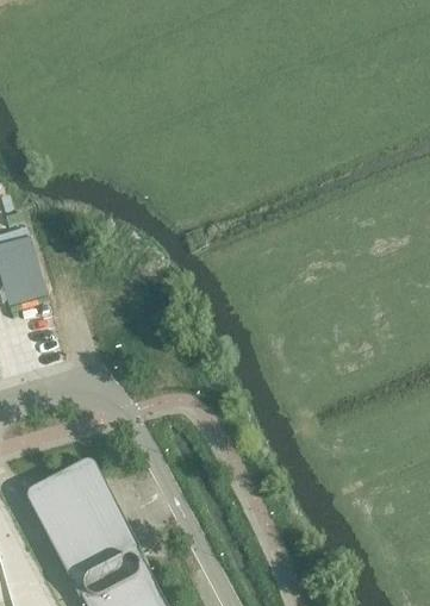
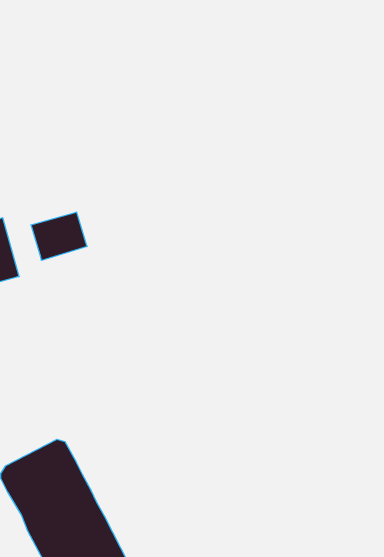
building: none -> [31,212,87,260]

